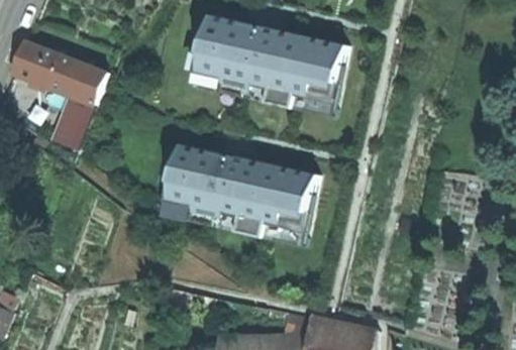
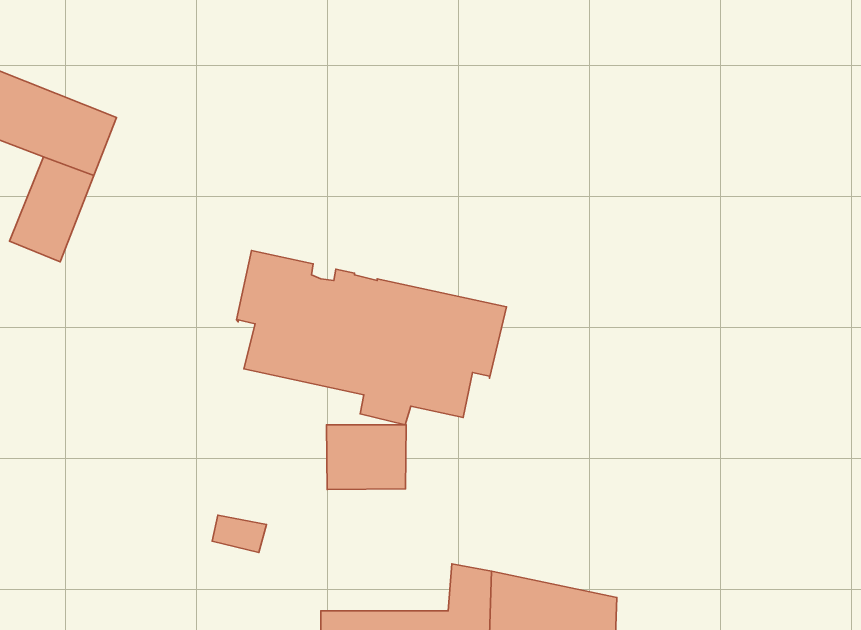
building: [200,15,345,109] -> none
building: none -> [326,425,406,490]

